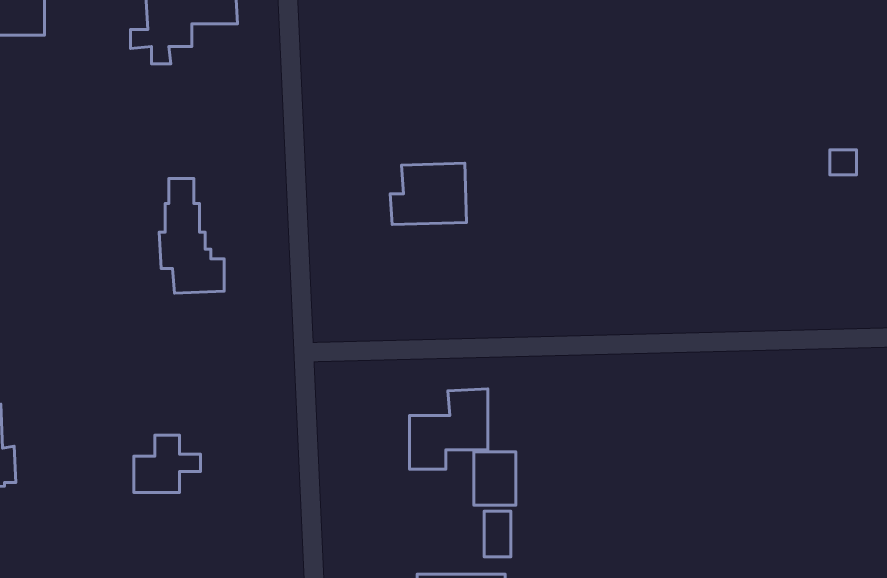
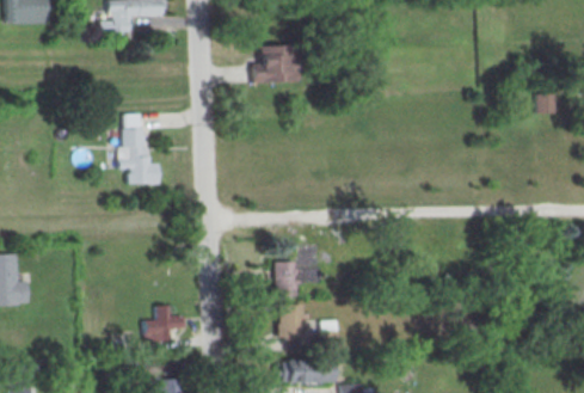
building: [390,163,467,224] -> [252,45,300,84]
building: [134,435,201,493] -> [145,306,186,342]
building: [474,452,516,505] -> [278,305,305,338]

